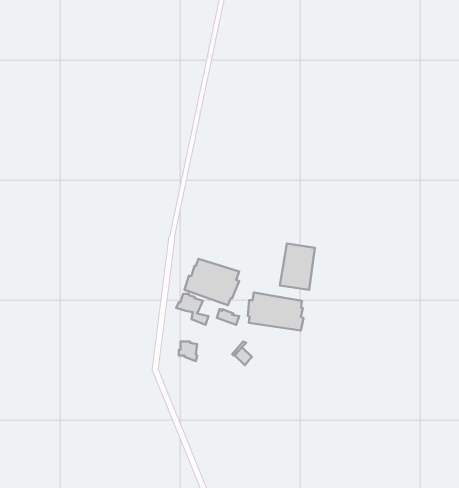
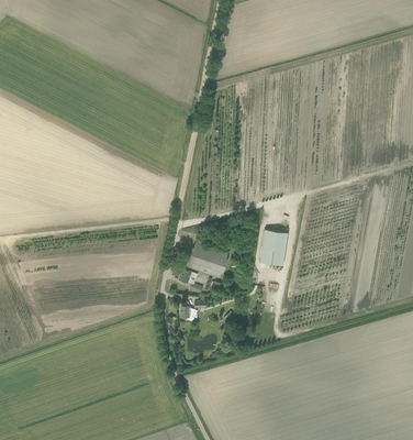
building: [248,293,304,330] -> none

